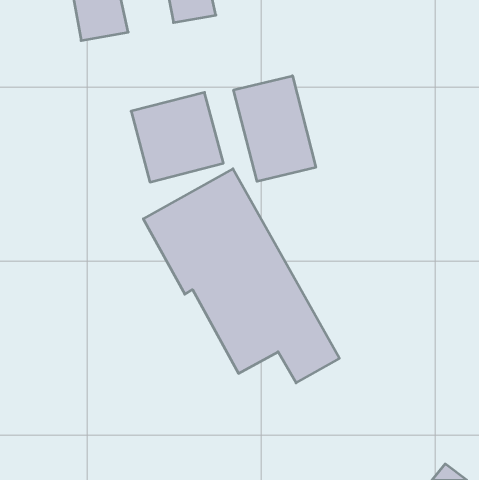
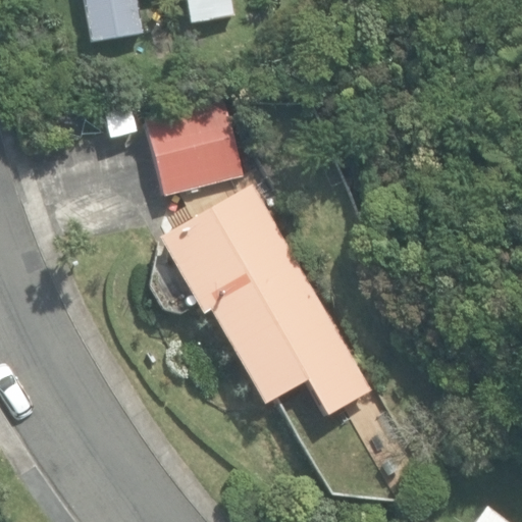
building: [234,76,316,181] -> none

